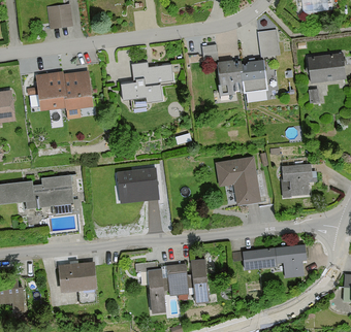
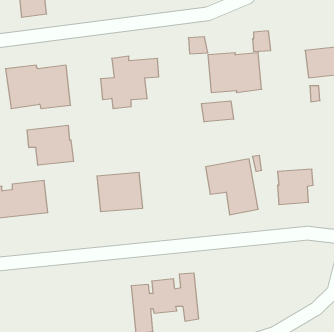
building: none -> [201,101,233,122]
building: none -> [27,125,74,165]
building: [231,245,307,277] -> none
building: [59,262,98,302] -> none

